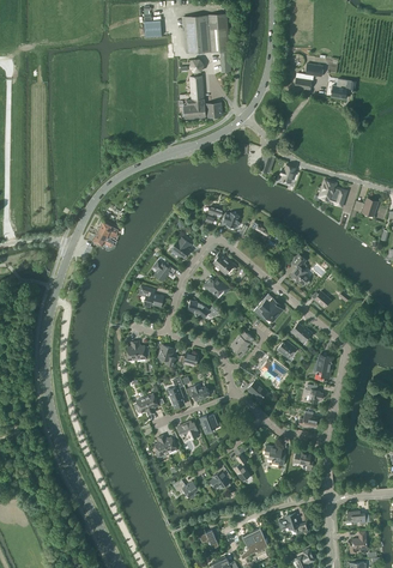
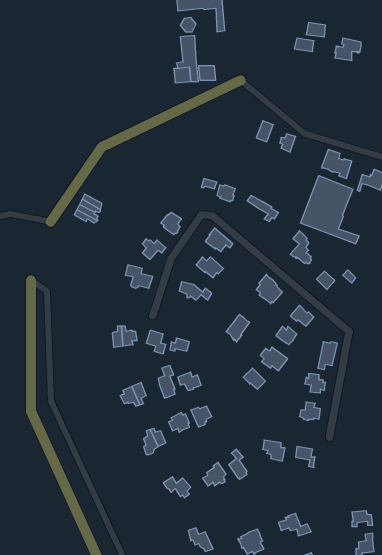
building: none -> [301,176,359,244]

